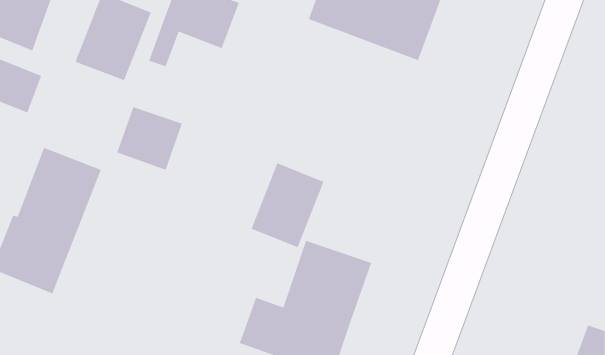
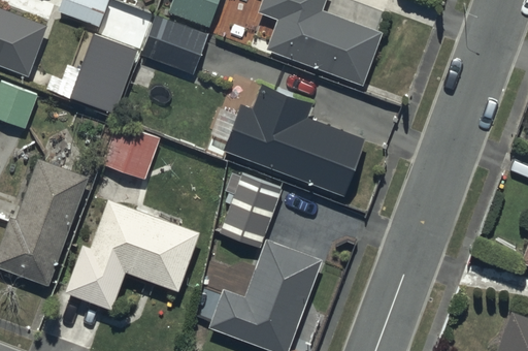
building: none -> [211,71,368,197]
building: none -> [66,201,199,311]

